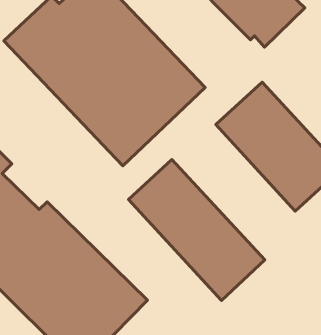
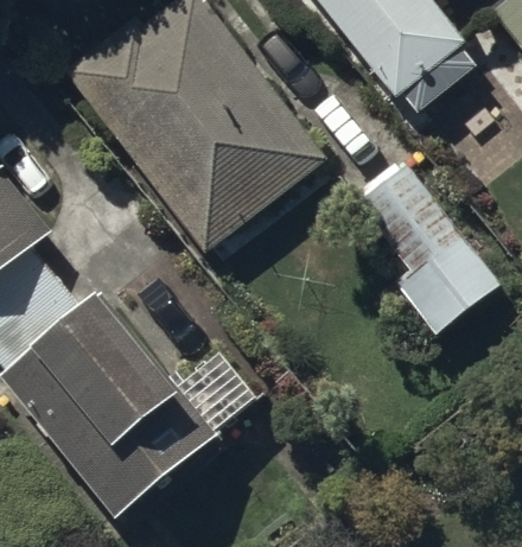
building: [129,160,265,301] -> none

